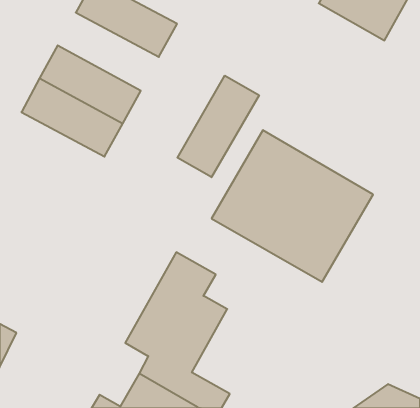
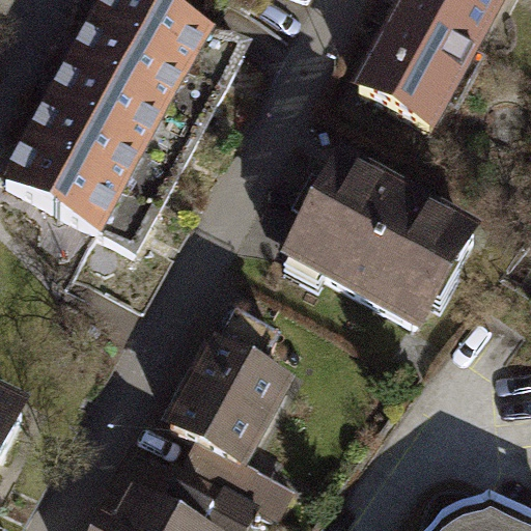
building: none -> [357,4,484,131]
building: none -> [73,16,200,114]
building: [177,76,259,177] -> none
building: none -> [4,141,132,239]

